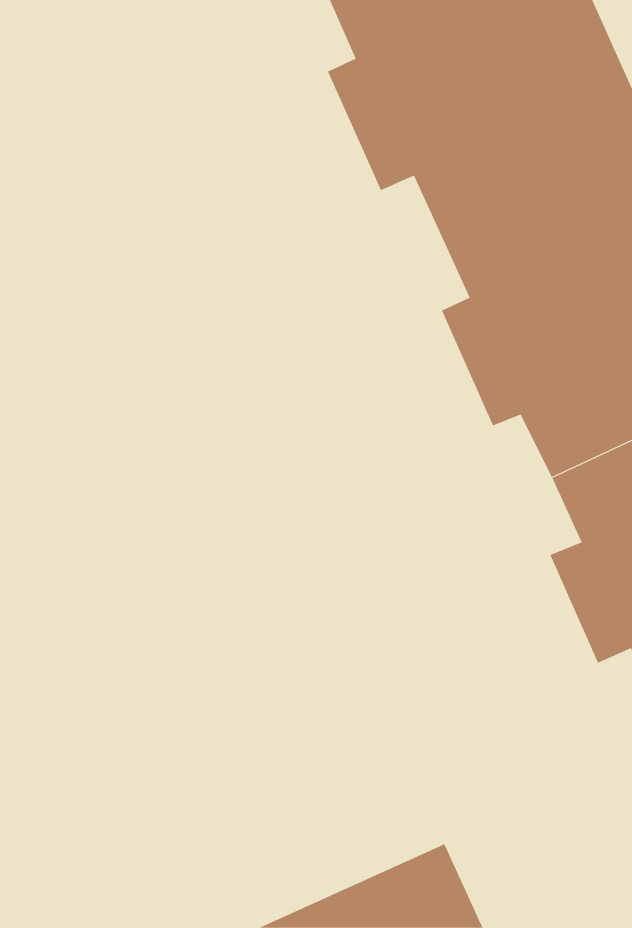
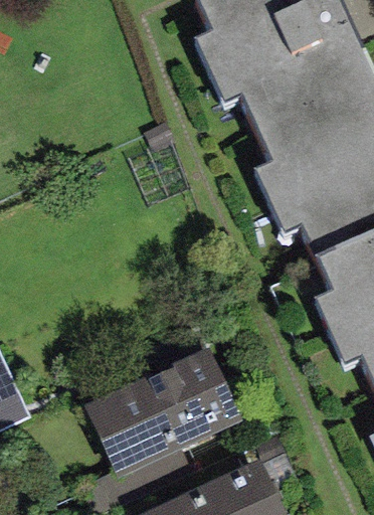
building: none -> [85,351,242,477]

